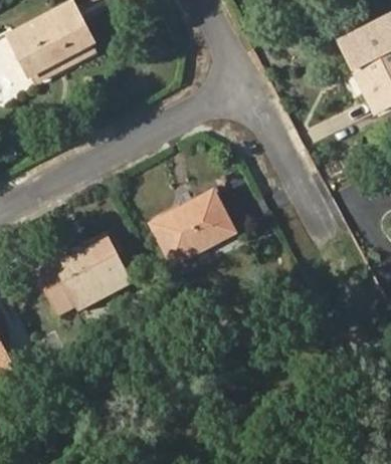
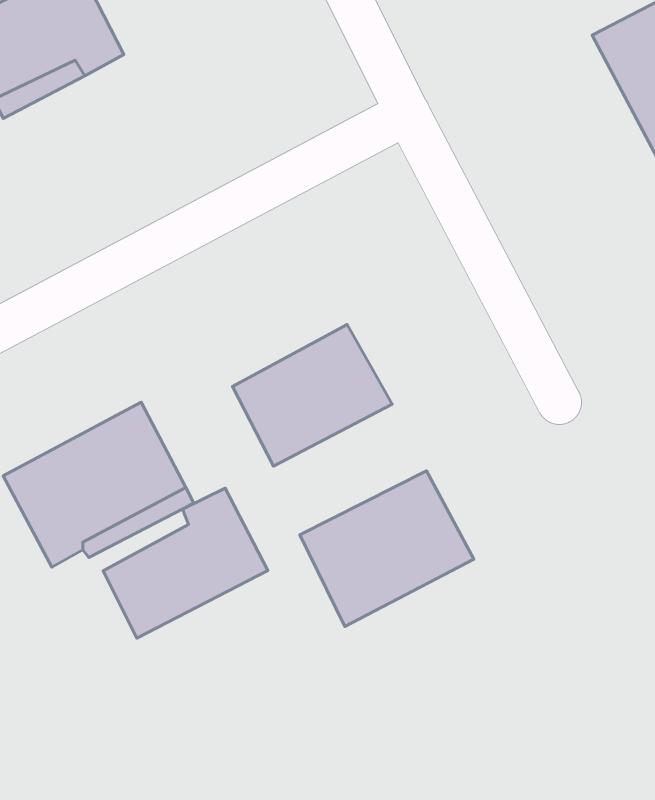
building: none -> [300,471,474,627]
building: none -> [103,488,268,638]

